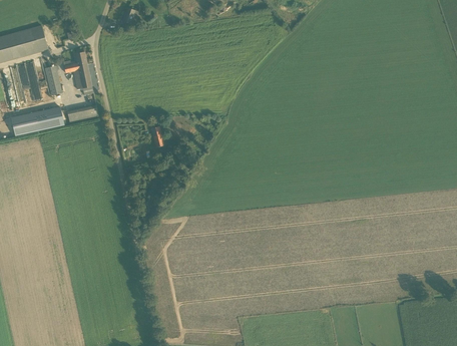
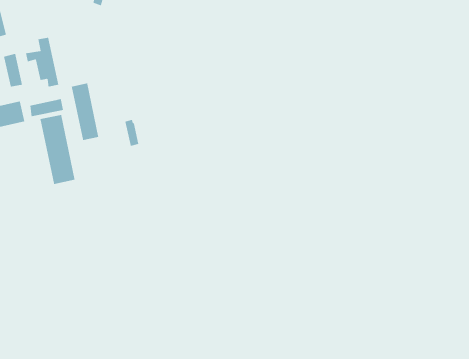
building: none -> [71,83,99,141]
building: none -> [40,114,75,185]

